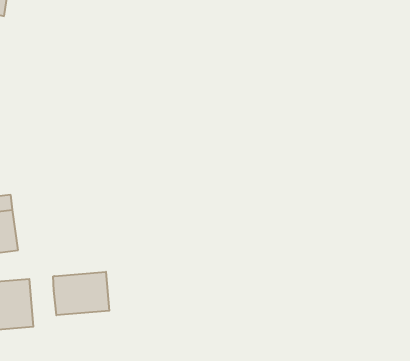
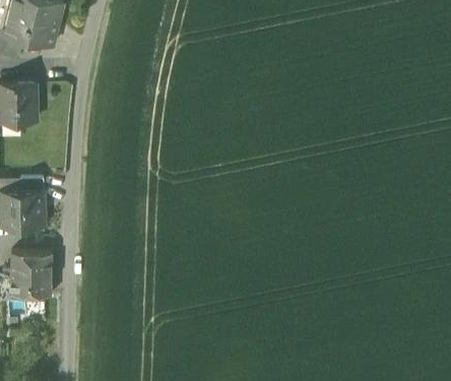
building: [53,272,109,315] -> none

